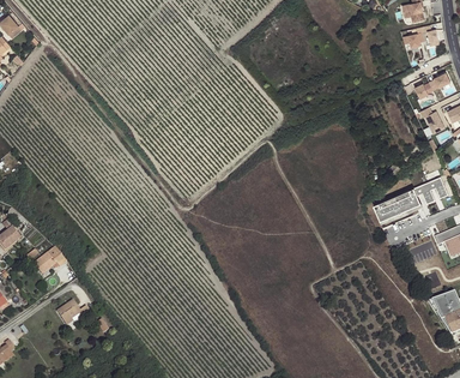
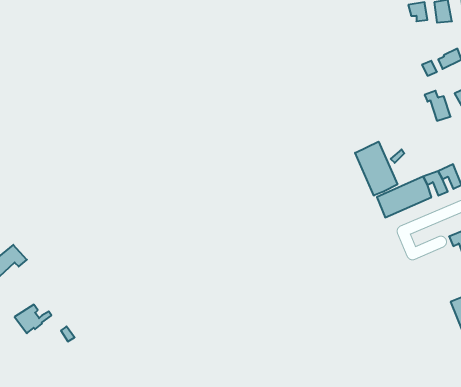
building: none -> [355,142,397,196]

